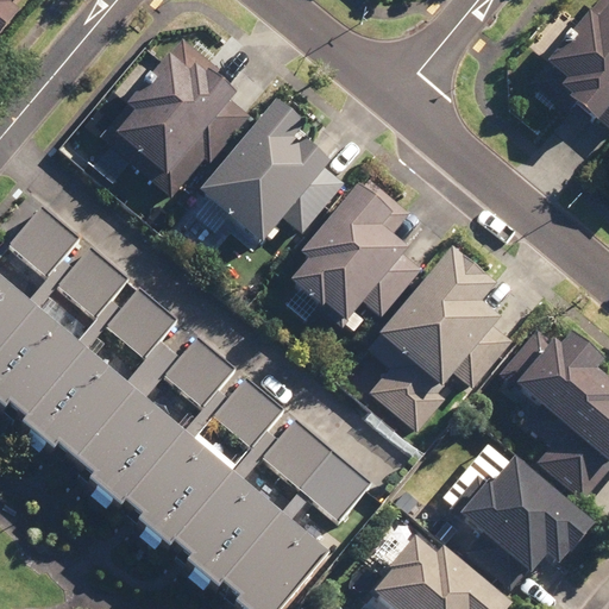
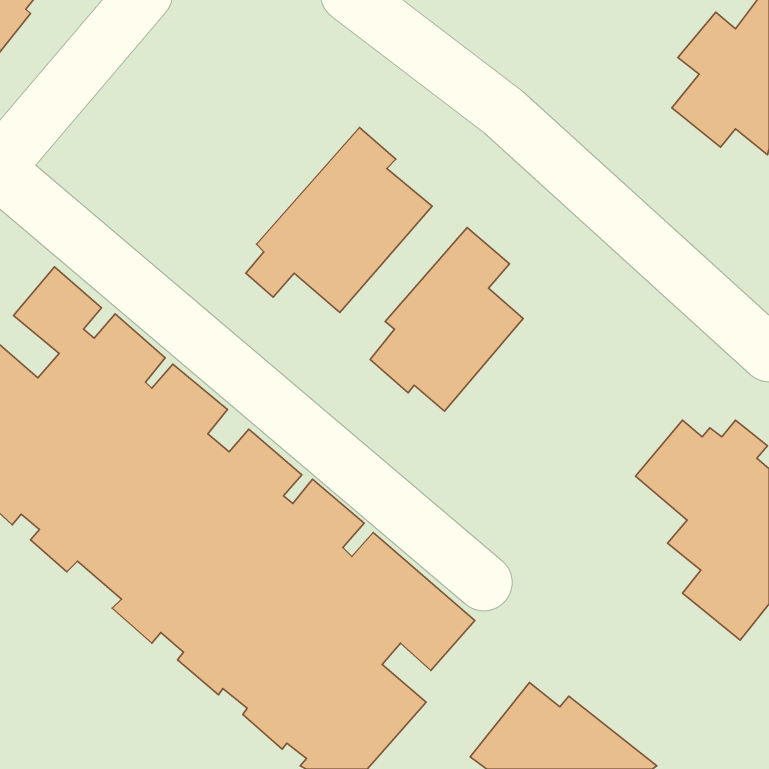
building: [102,42,241,196] -> none
building: [365,247,517,433] -> none
building: [448,457,590,590] -> none

